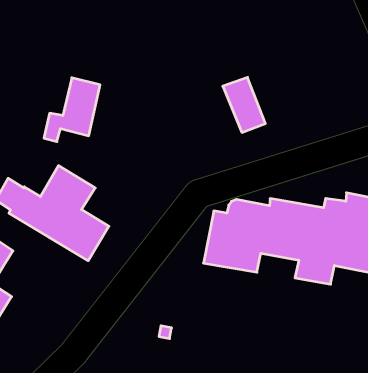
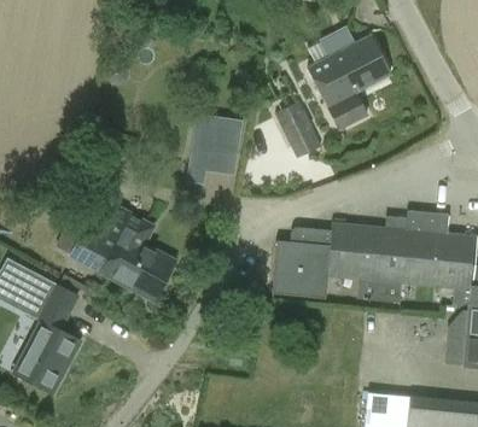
building: none -> [305,25,390,129]
building: [44,78,100,142] -> [188,116,240,181]

